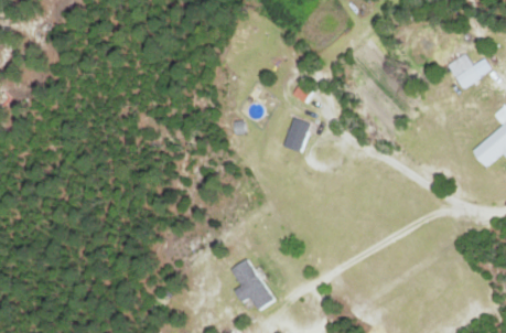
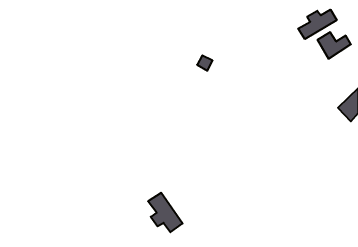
building: none -> [298,10,337,39]
building: [283,118,312,152] -> none

